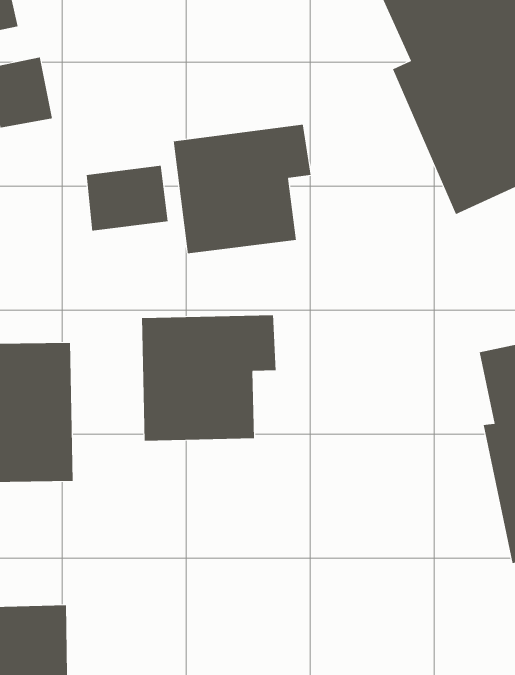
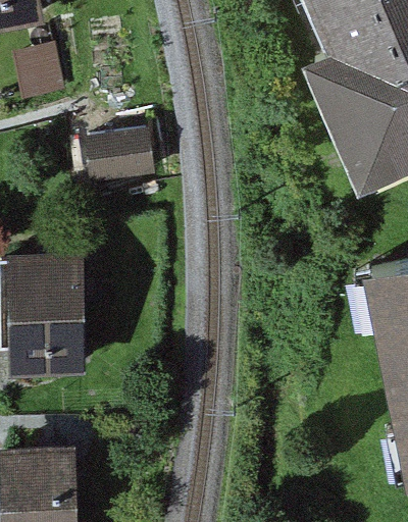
building: [173,124,311,254] -> none
building: [142,314,276,441] -> none

